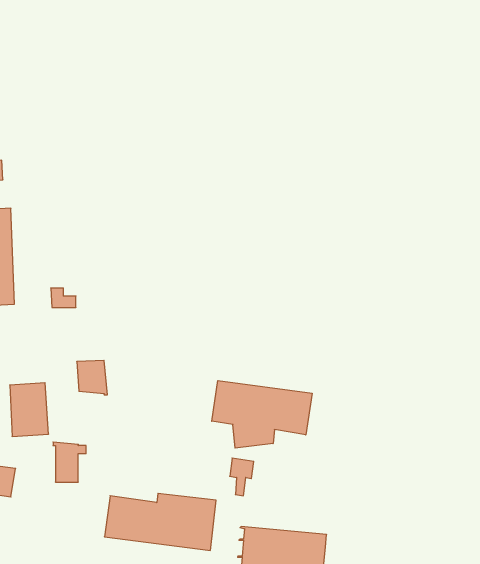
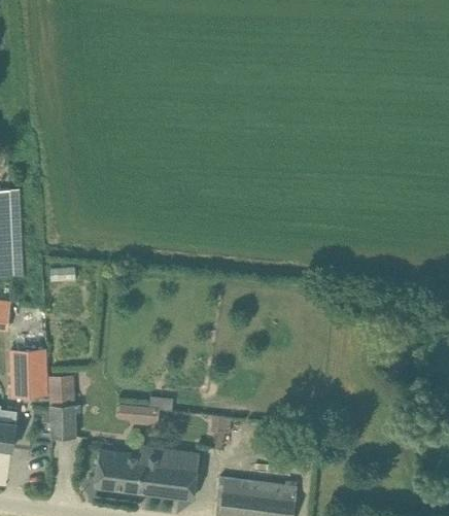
building: [77,360,107,395] -> [48,374,76,405]
building: [212,381,312,448] -> none
building: none -> [117,405,160,427]

